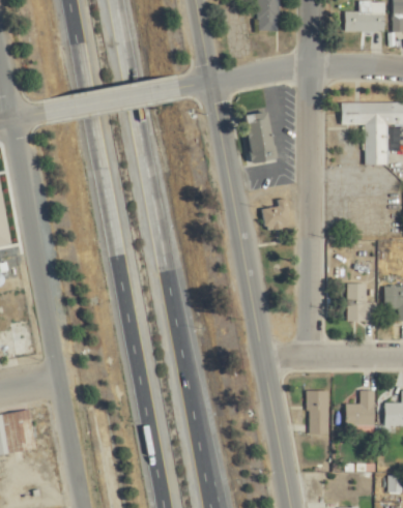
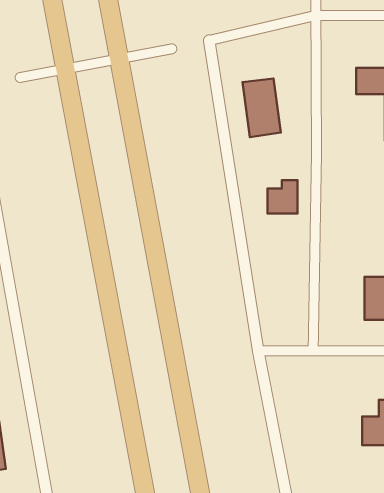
building: [307,391,328,437] -> none

